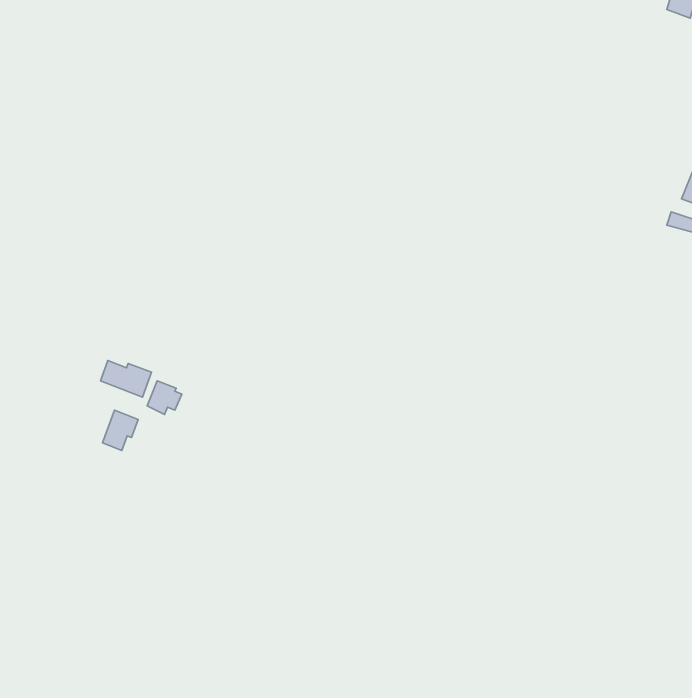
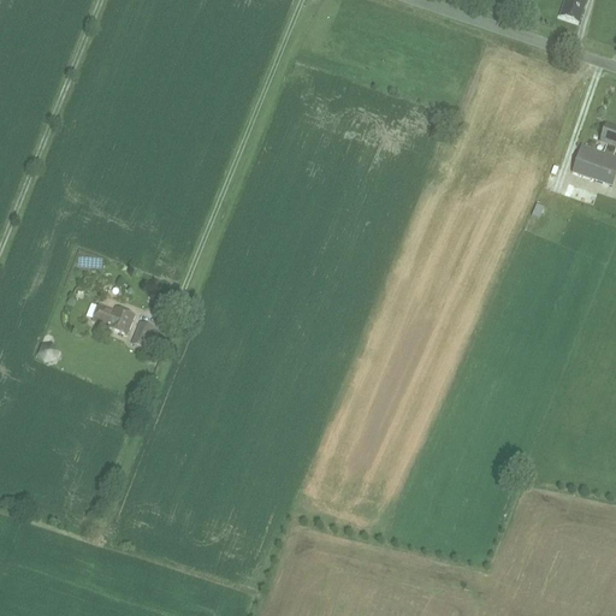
building: [102,410,138,451] -> none

